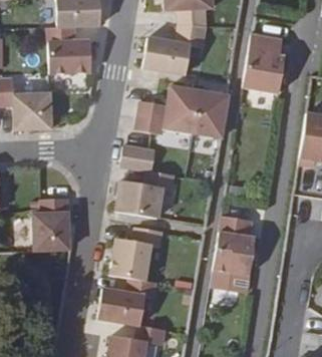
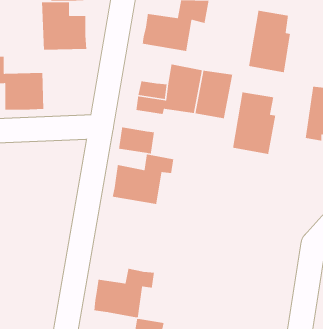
building: [32,199,69,251] -> none
building: [212,217,253,276] -> [232,92,276,155]
building: [109,227,160,281] -> none

